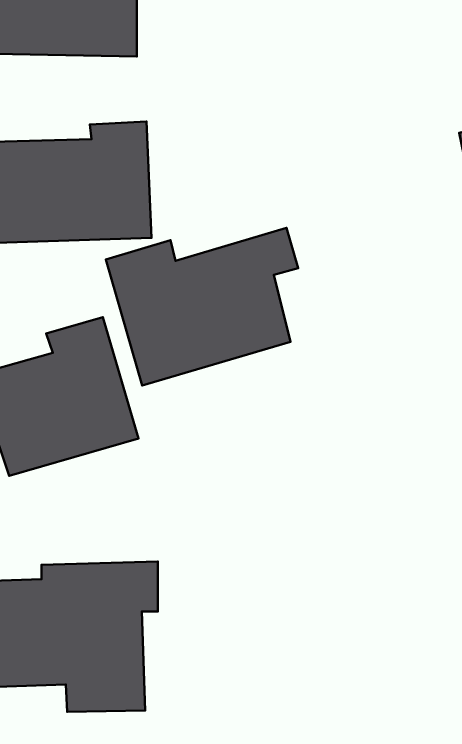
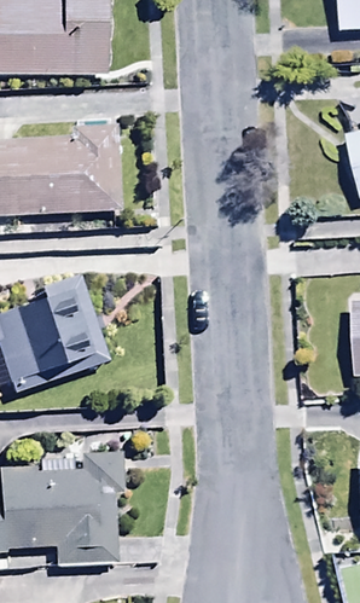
building: [106,228,298,386] -> none

